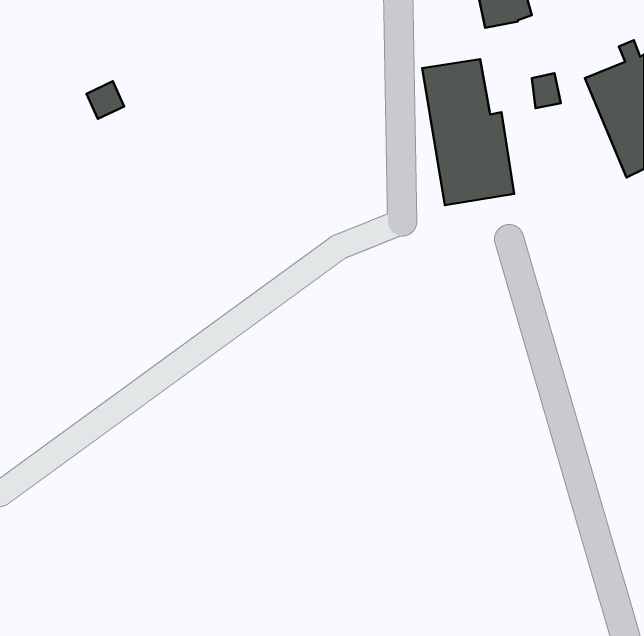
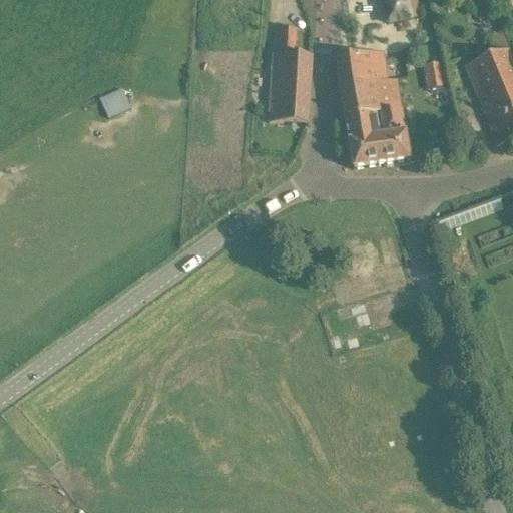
building: none -> [269,22,312,121]
building: [86,81,124,119] -> [99,86,129,116]

